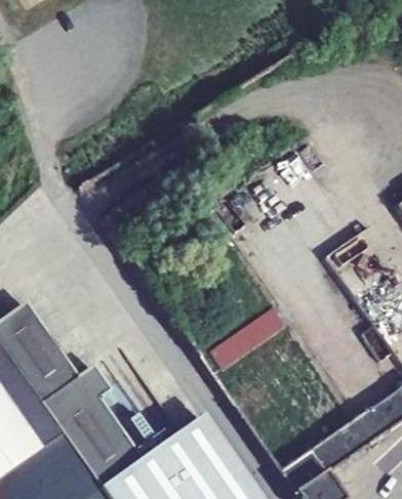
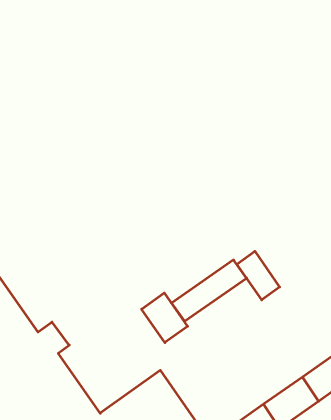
building: none -> [237,251,280,300]
building: none -> [142,293,188,343]

